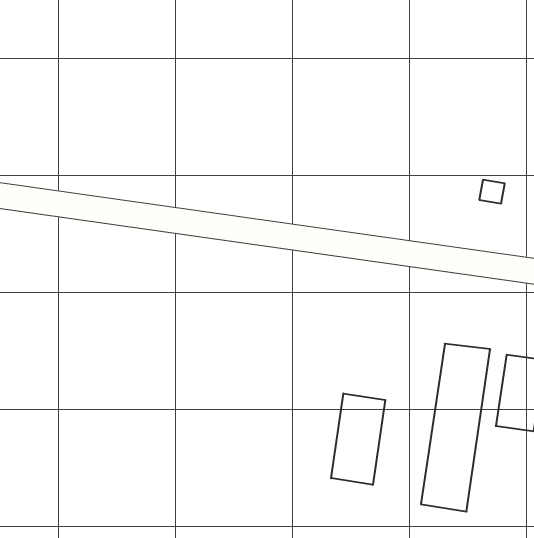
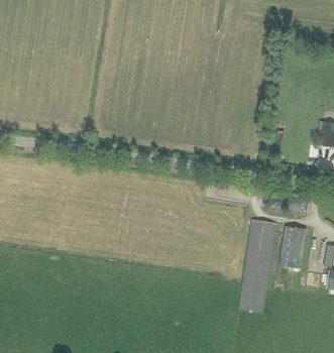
building: [331,393,385,485] -> none

